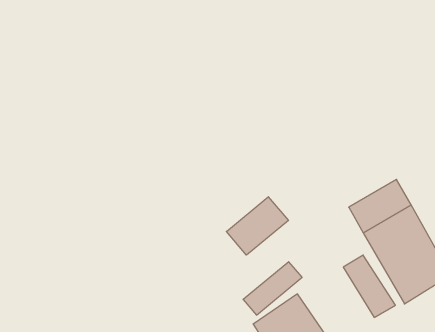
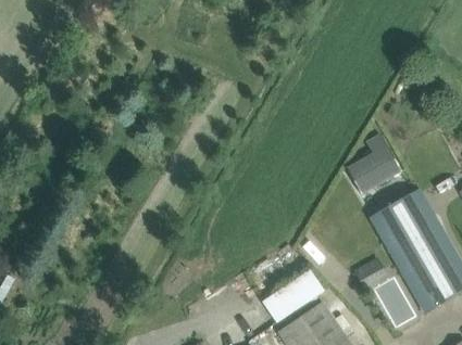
building: none -> [348,149,399,194]
building: [226,197,288,255] -> none

